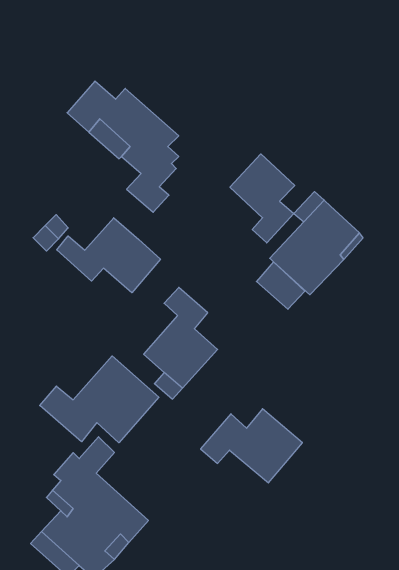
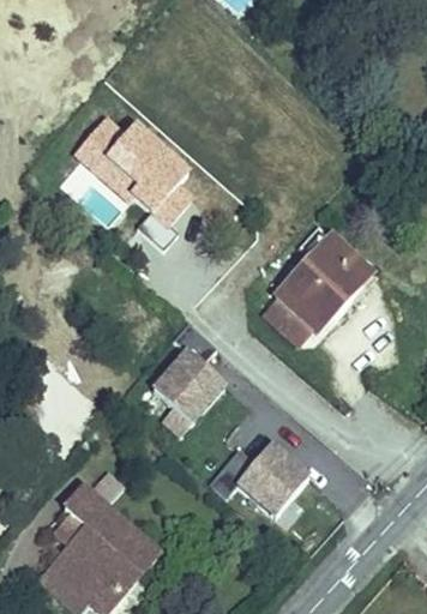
building: [230,154,295,243] -> none
building: [57,218,160,293] -> none
building: [40,356,159,443] -> none

